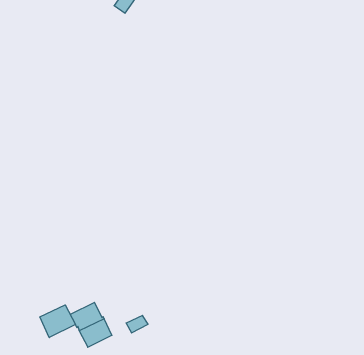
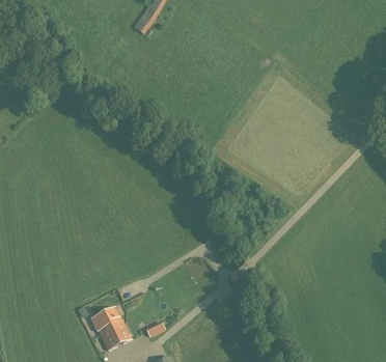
building: [40,305,75,338] -> none

